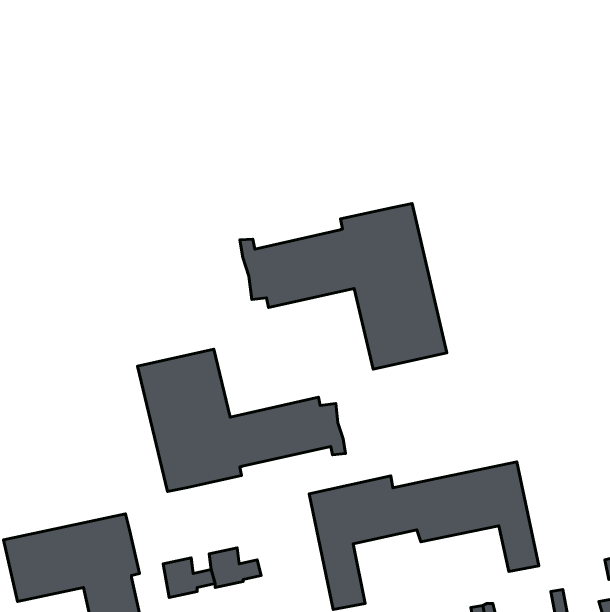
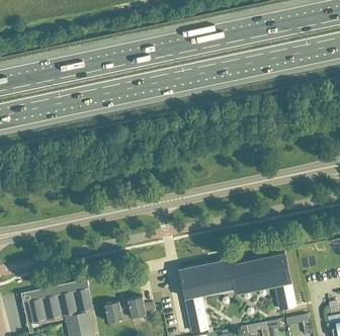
building: [240,204,447,369] -> none
building: [137,349,346,492] -> none

